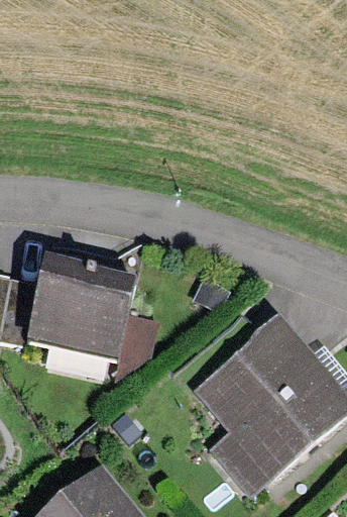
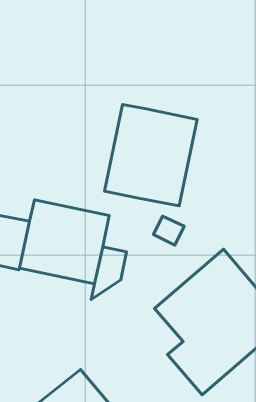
building: none -> [105,105,197,206]

